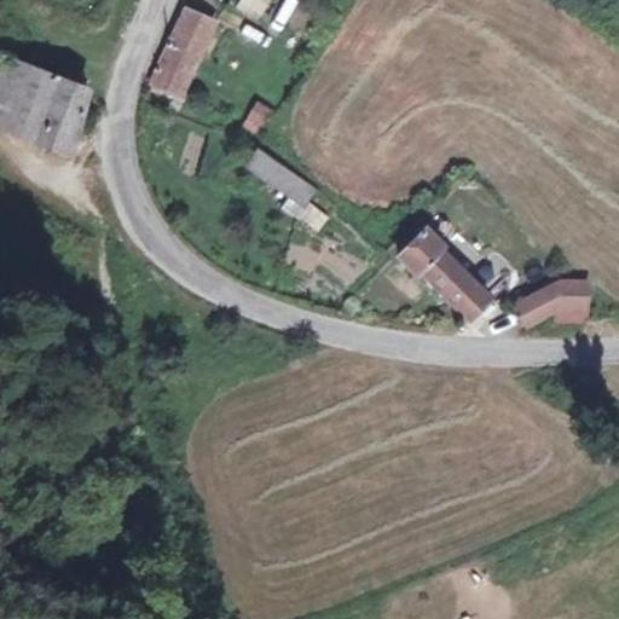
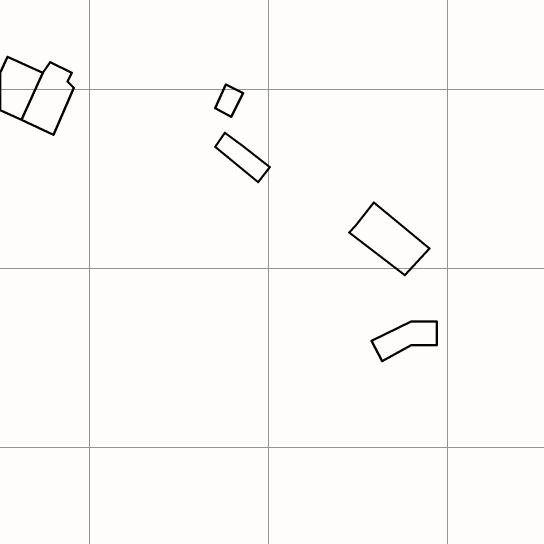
building: [154,7,209,93] -> none
building: [513,282,586,326] -> [372,322,437,361]

